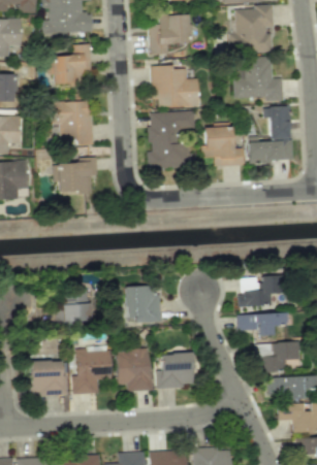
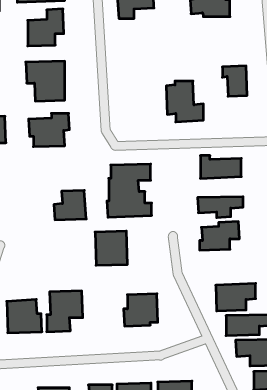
building: [233,56,284,100] -> none
building: [153,65,199,106] -> none
building: [148,110,196,168] -> [107,164,152,217]
building: [249,136,293,161] -> [200,156,241,178]
building: [56,290,91,322] -> [54,190,86,220]
building: [237,312,287,335] -> [198,197,243,218]
building: [116,348,152,391] -> none

